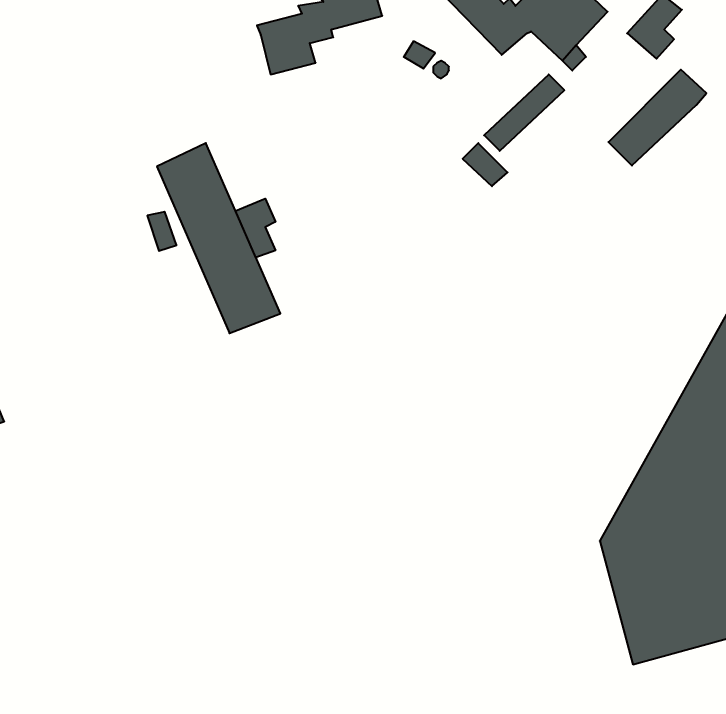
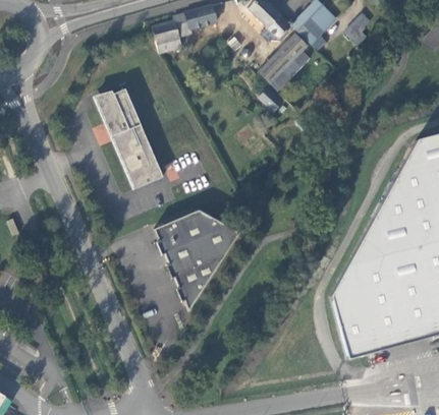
building: [608,70,706,166] -> [258,34,309,83]
building: [236,199,275,257] -> none
building: none -> [153,209,237,309]

